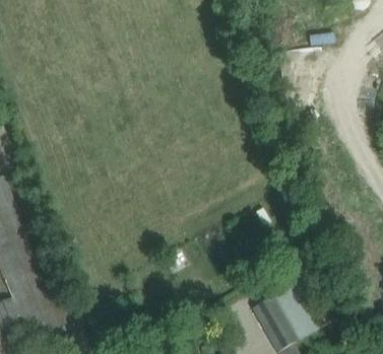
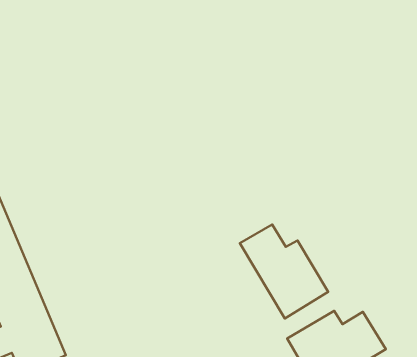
building: none -> [240,225,328,319]

